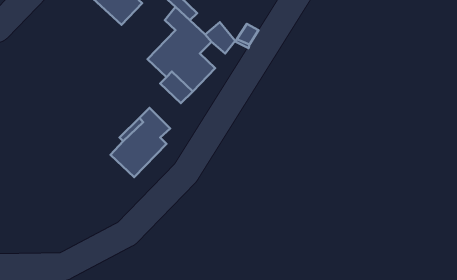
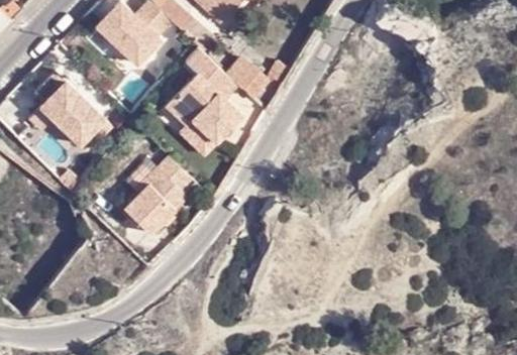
building: none -> [32,72,105,147]

